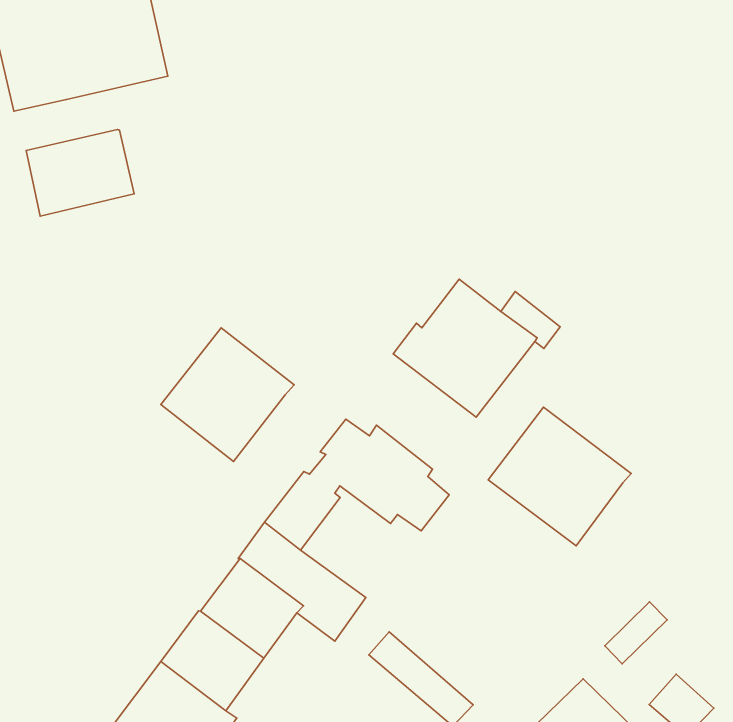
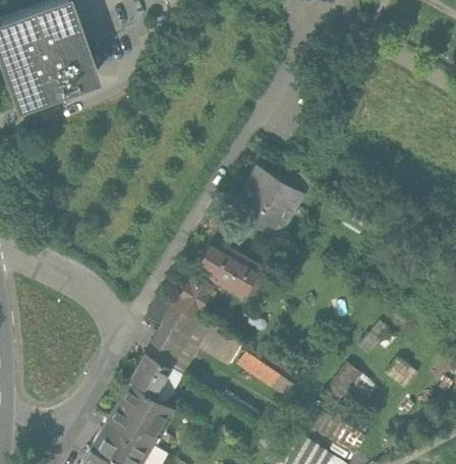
building: [26,129,134,216] -> none
building: [161,328,294,461] -> none
building: [488,407,631,546] -> none

